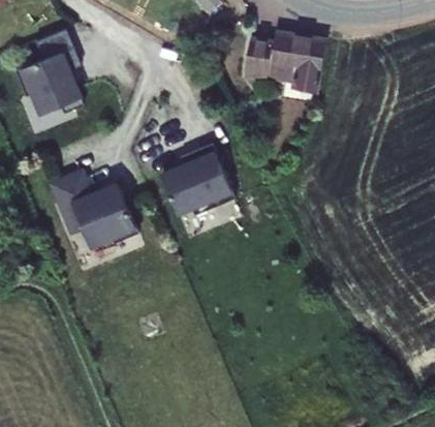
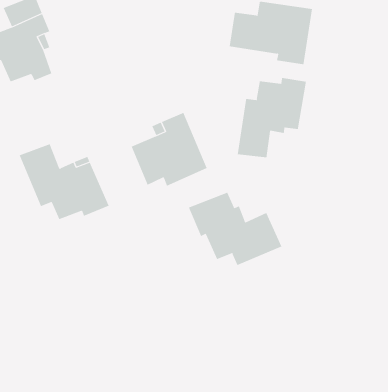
building: none -> [237,77,307,158]
building: none -> [188,192,282,266]

